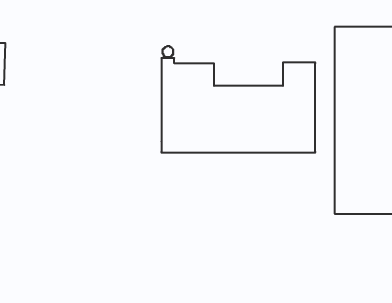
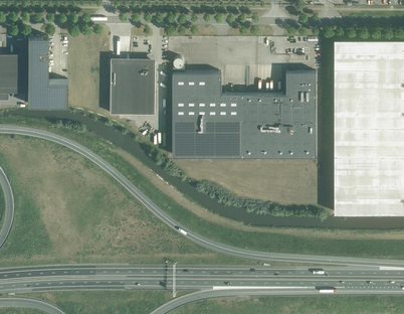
building: none -> [27,34,66,103]
building: none -> [109,60,155,112]

